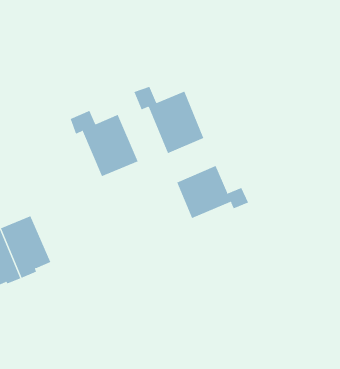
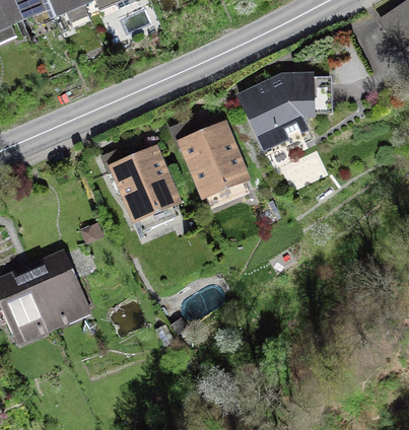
building: none -> [242,76,332,152]
building: [176,165,249,219] -> none

